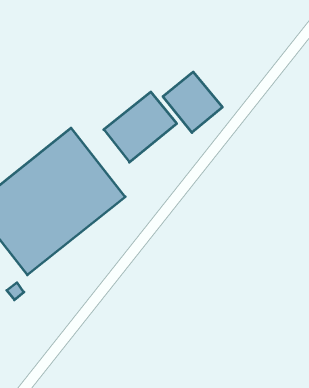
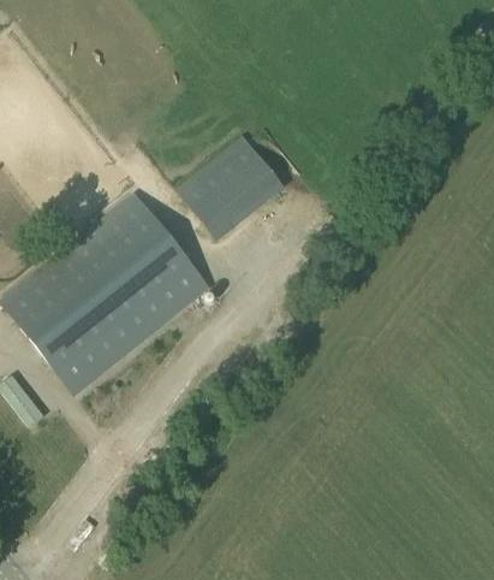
building: [163,72,222,133] -> none

